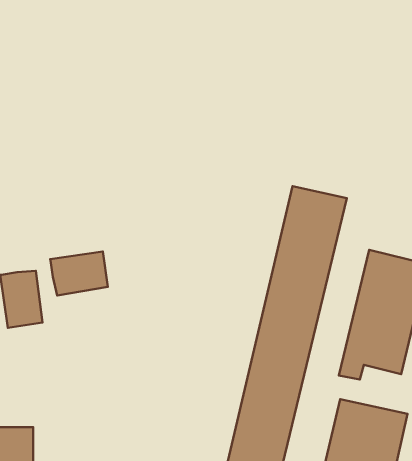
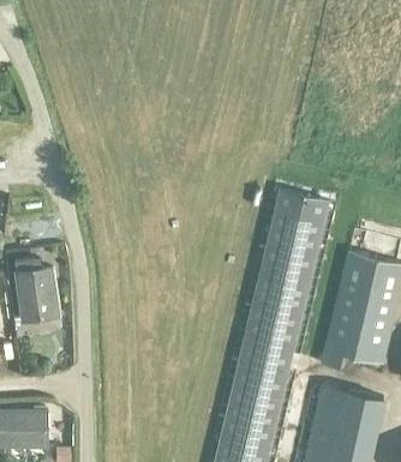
building: [50,251,108,296] -> none

